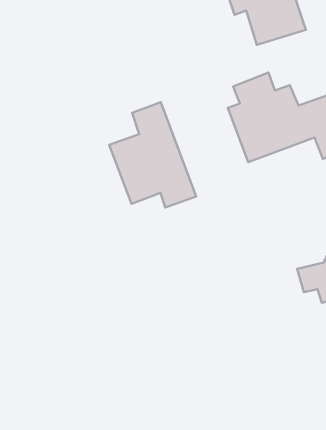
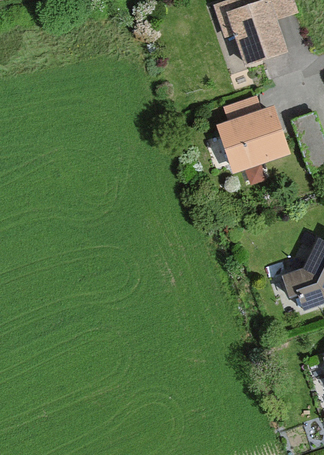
building: [109,102,196,208] -> none

